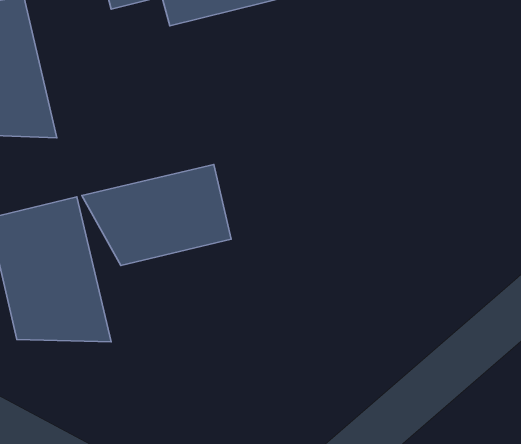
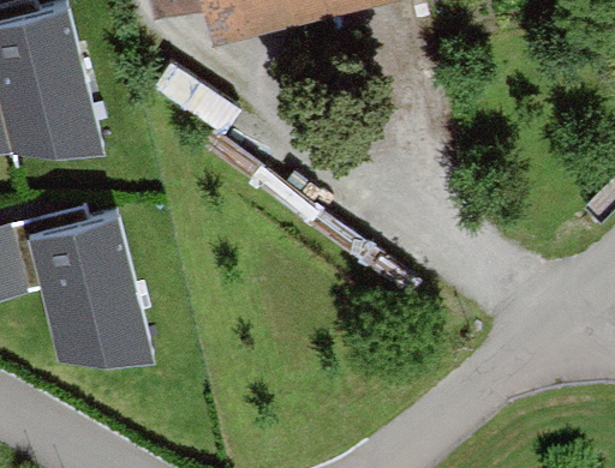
building: [82,164,231,266] -> none

